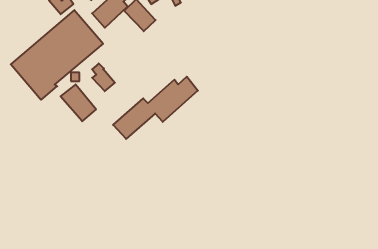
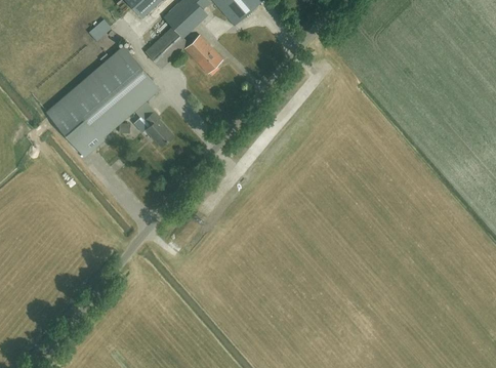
building: [113,77,198,139] -> none
building: [61,84,96,121] -> none

